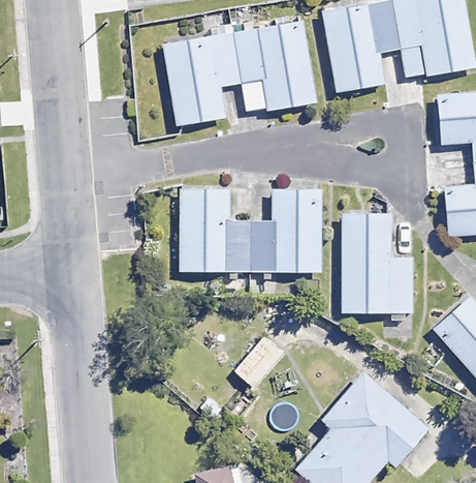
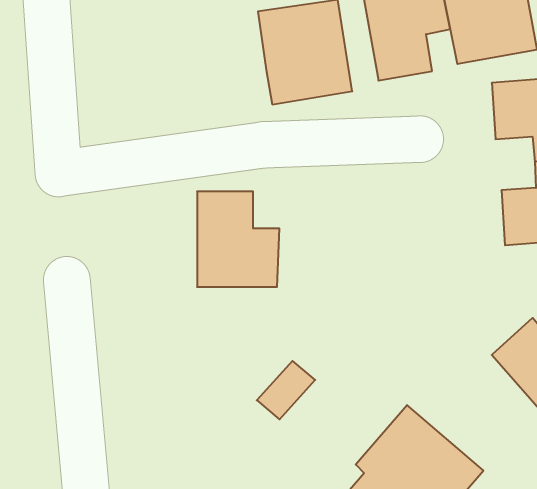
building: [164,32,241,125] -> none
building: [250,188,320,271] -> none
building: [342,213,411,312] -> none

